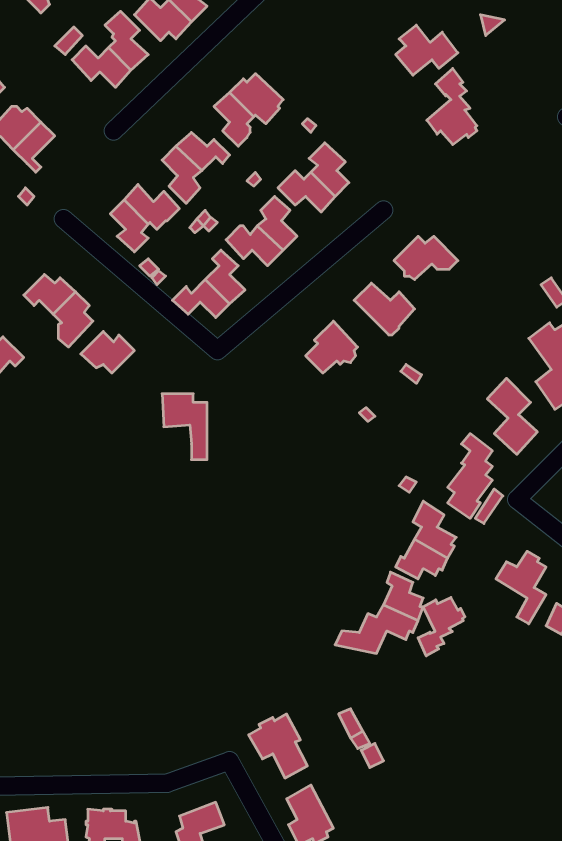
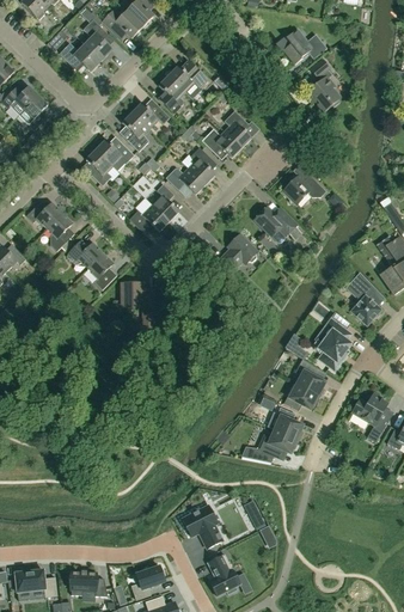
building: none -> [87,253,117,289]
building: [418,597,465,656] -> none

